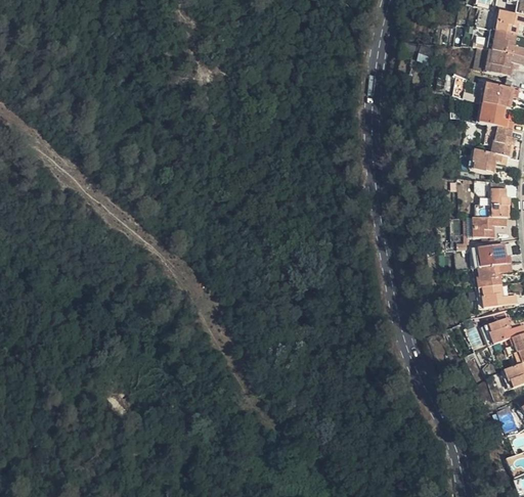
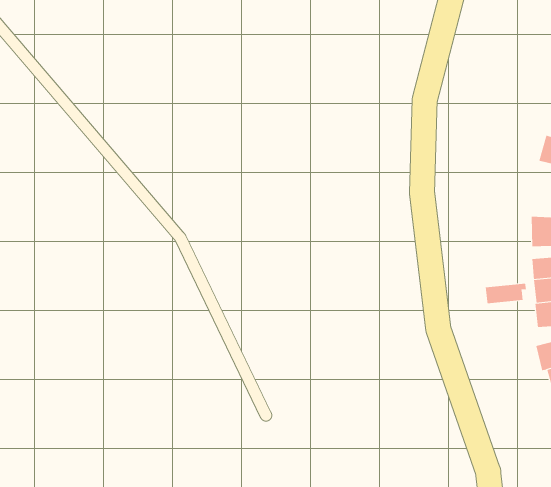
building: none -> [485,283,527,304]

